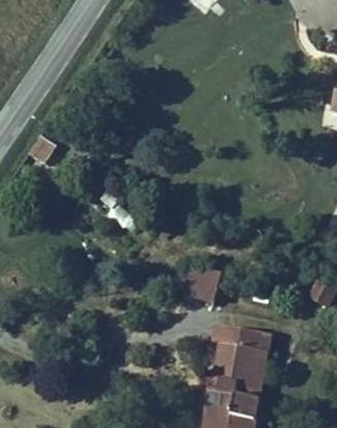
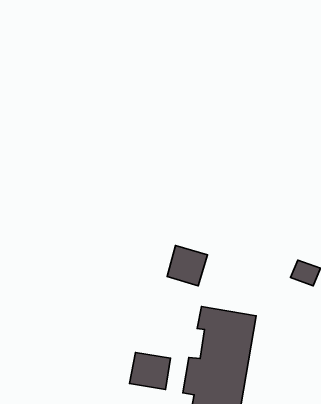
building: none -> [129,353,170,390]

